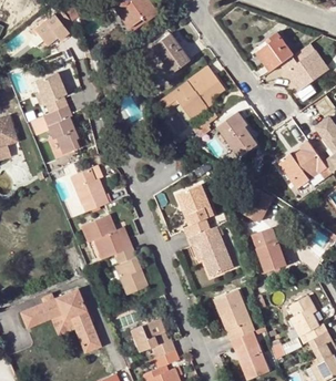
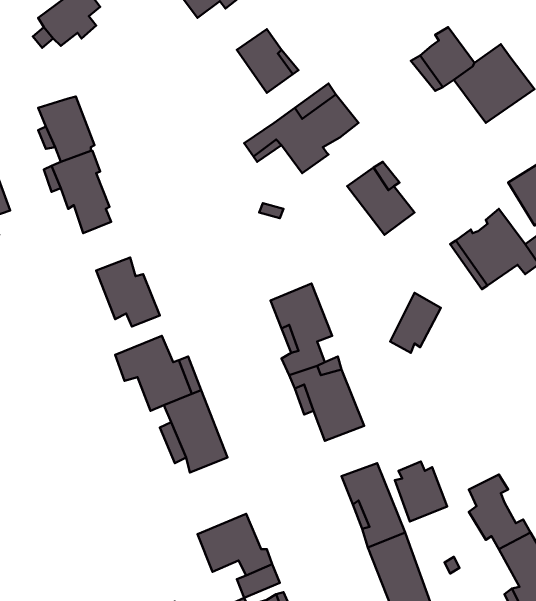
building: [257,238,288,274] -> [395,462,447,521]
building: [22,289,101,352] -> none

